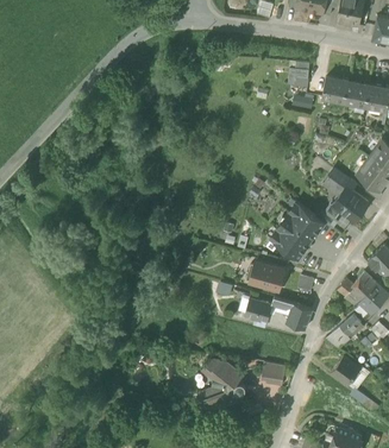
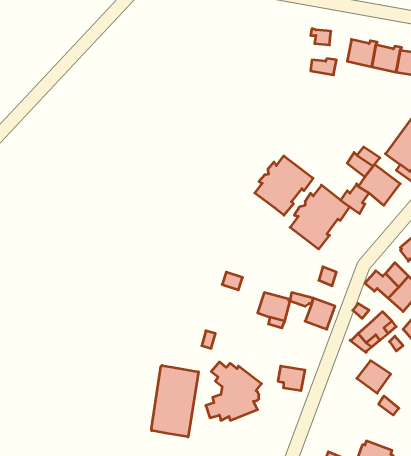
building: none -> [255,156,313,215]
building: [249,261,284,290] -> none
building: none -> [152,365,198,437]

